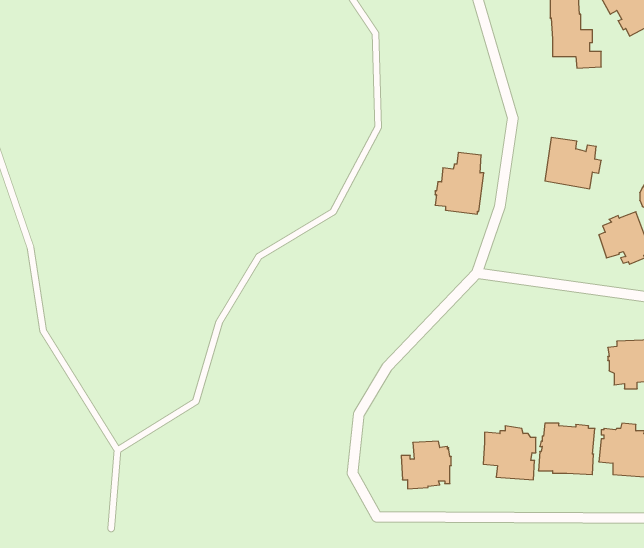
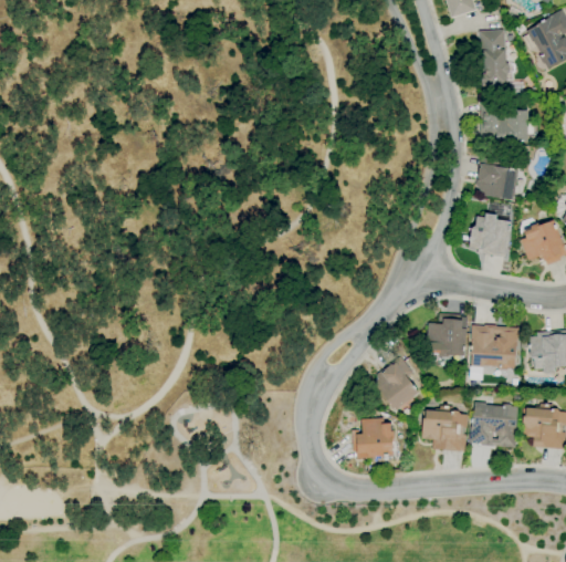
building: none -> [481,98,528,143]
building: [435,152,484,214] -> [470,204,512,257]
building: none -> [427,313,468,357]
building: none -> [469,325,520,377]
building: none -> [374,356,420,412]

